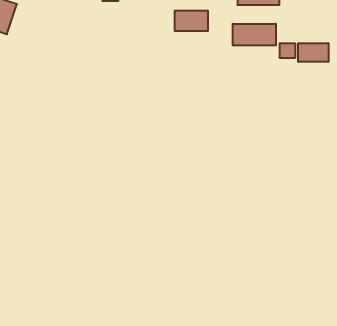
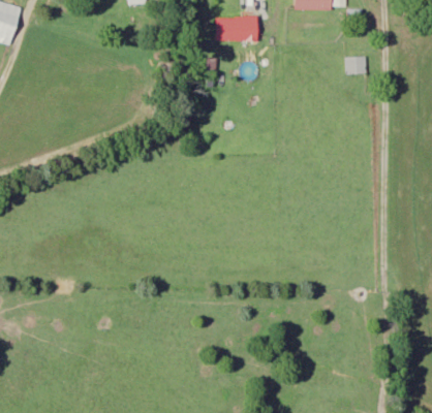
building: [233,24,276,45] -> none
building: [298,43,328,62] -> none

